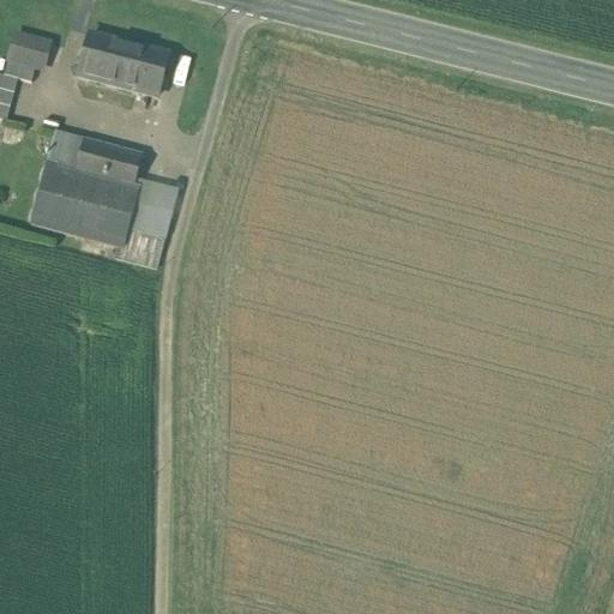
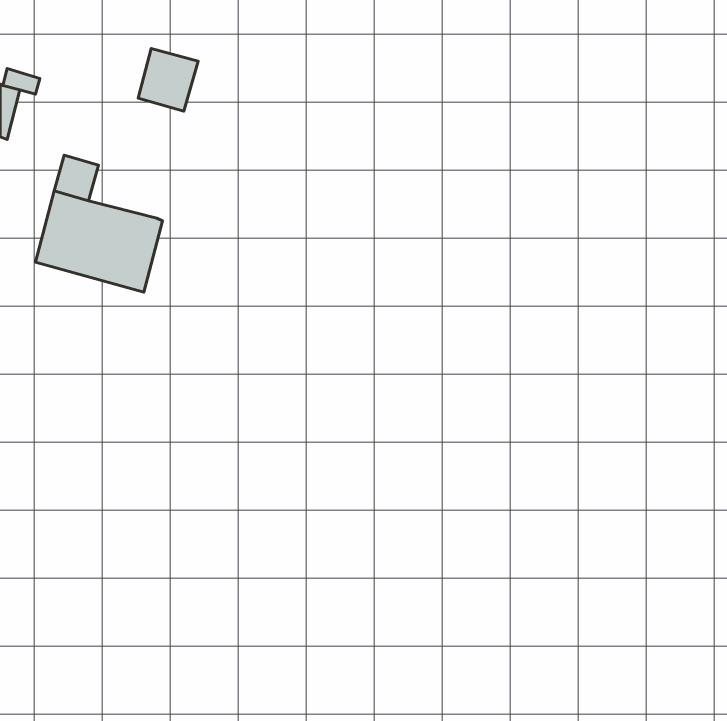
building: [7,30,43,66] -> none
building: [78,31,128,83] -> none
building: [76,139,140,183] -> none

